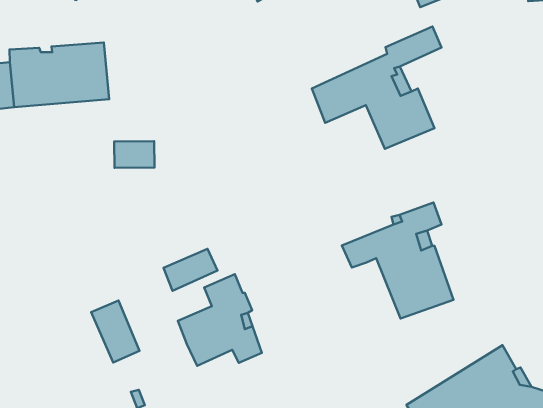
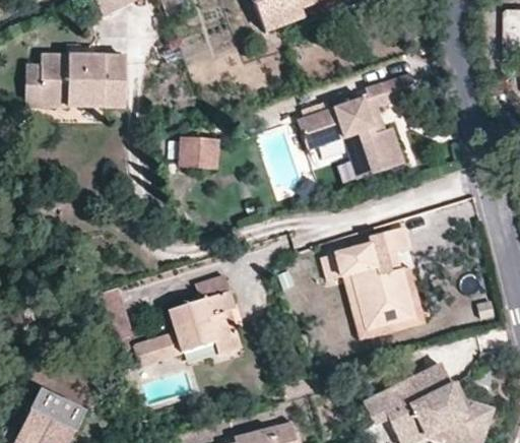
building: [114,141,154,168] -> [178,139,215,166]
building: none -> [339,263,427,339]
building: [164,249,217,291] -> [132,331,180,366]

